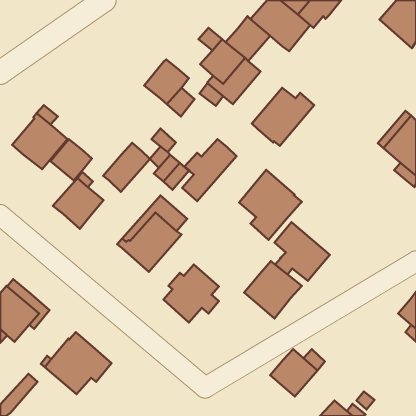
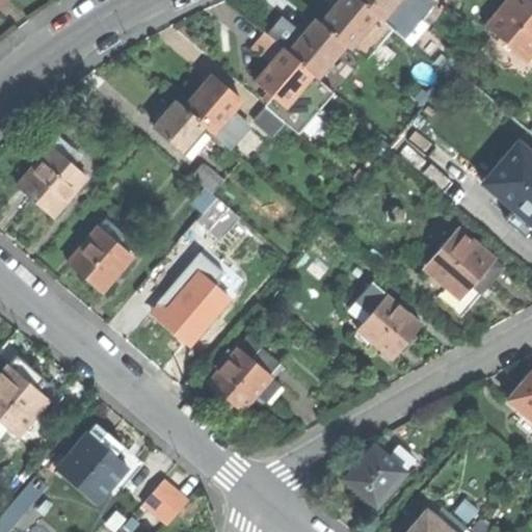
building: none -> [154,102,205,152]
building: [252,88,314,146] -> none
building: [50,139,92,180] -> none
building: [182,139,237,201] -> none
building: [103,143,150,192] -> none
building: [239,170,302,240] -> [424,228,504,317]
building: [244,261,302,319] -> none
building: none -> [142,480,187,524]

